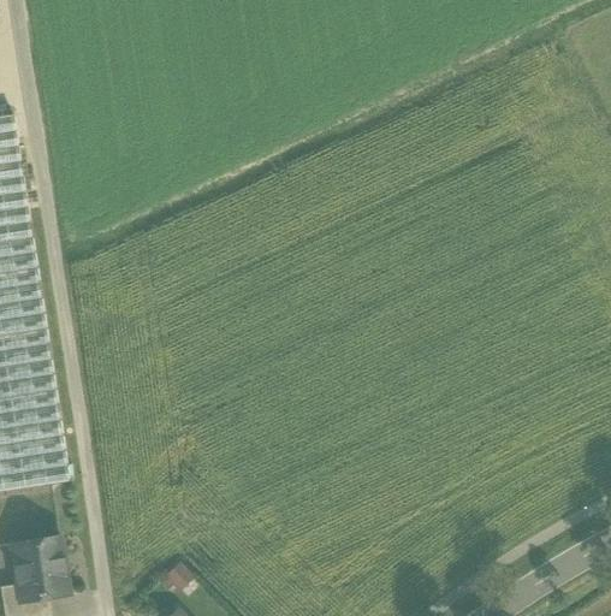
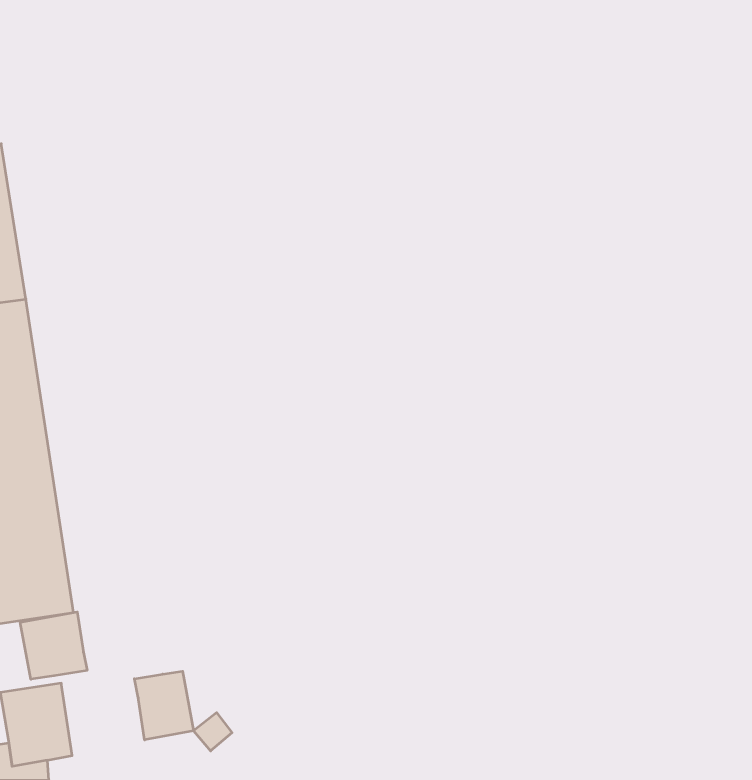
building: none -> [20,612,87,679]
building: none -> [134,671,194,740]

